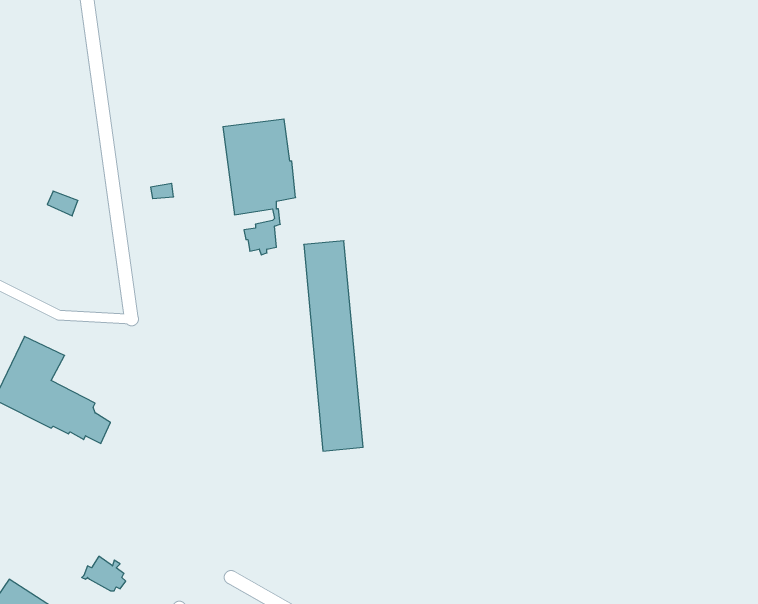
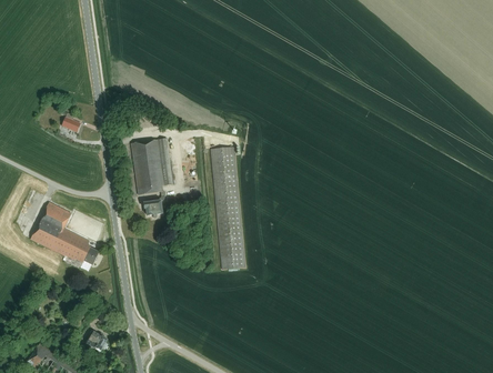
building: [223,119,296,255] -> [130,139,172,218]

